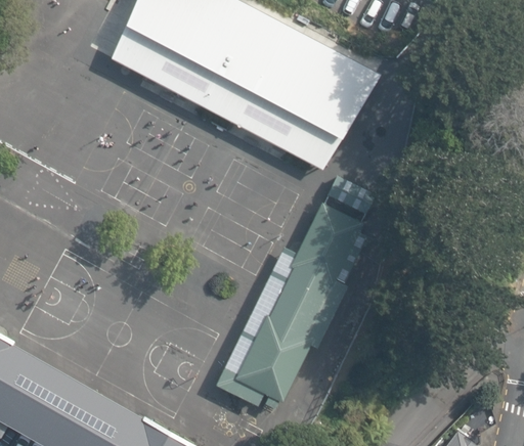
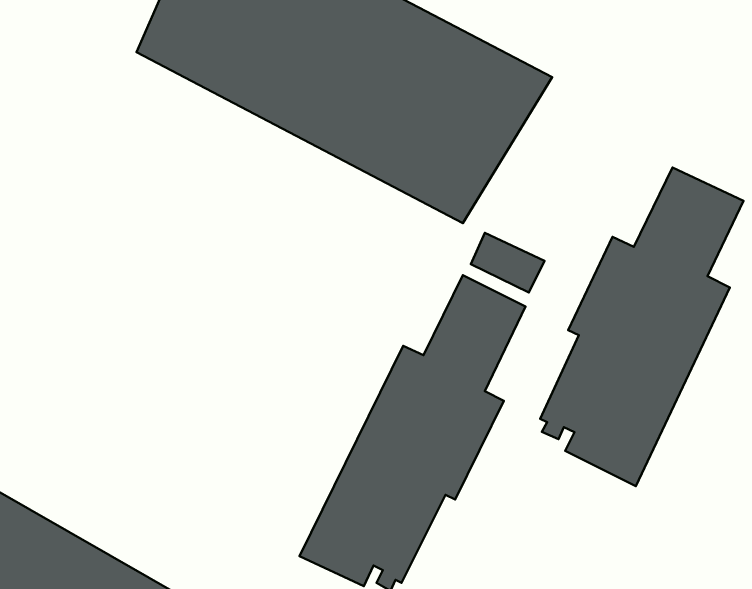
building: none -> [540,167,744,486]

